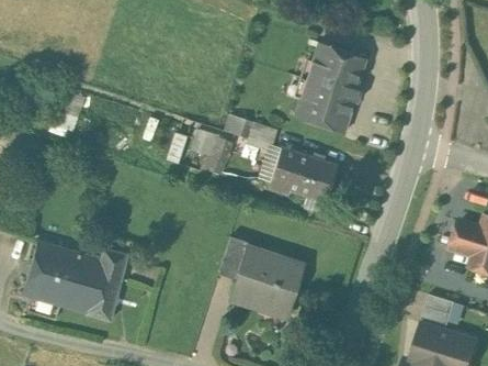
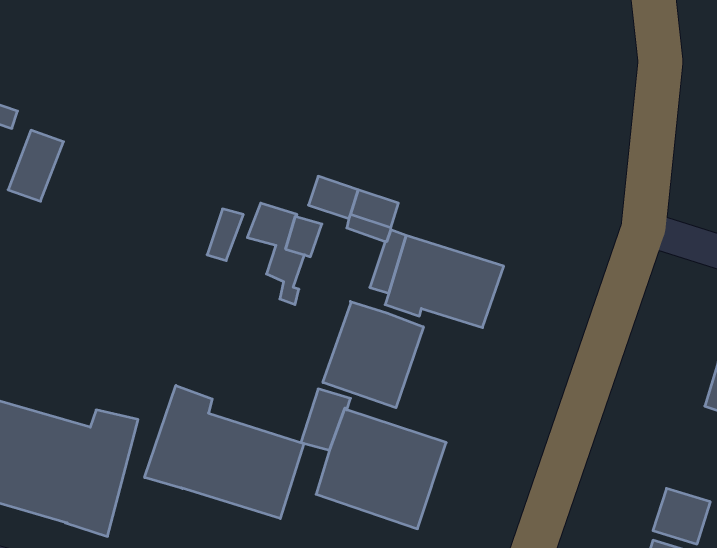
building: [294,42,368,133] -> none
building: none -> [323,301,423,408]
building: none -> [145,385,304,519]

